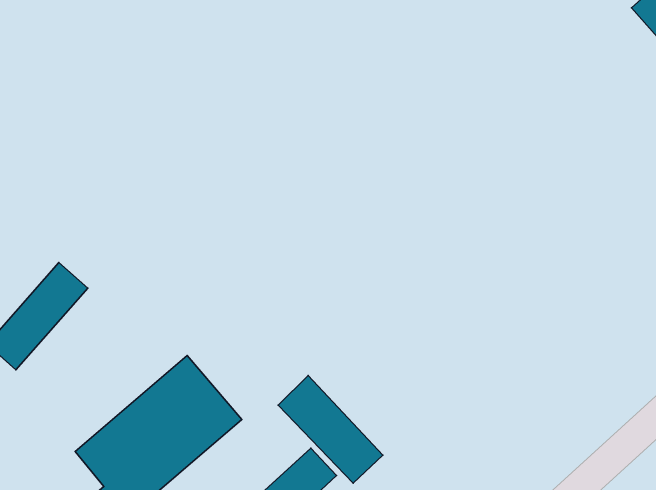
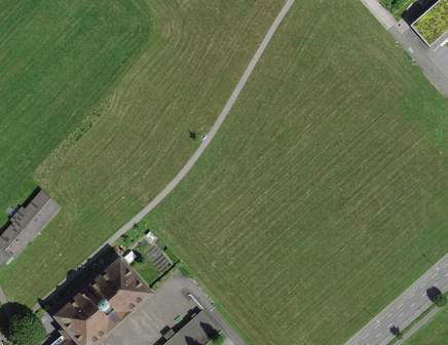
building: [278,376,383,483] -> none

